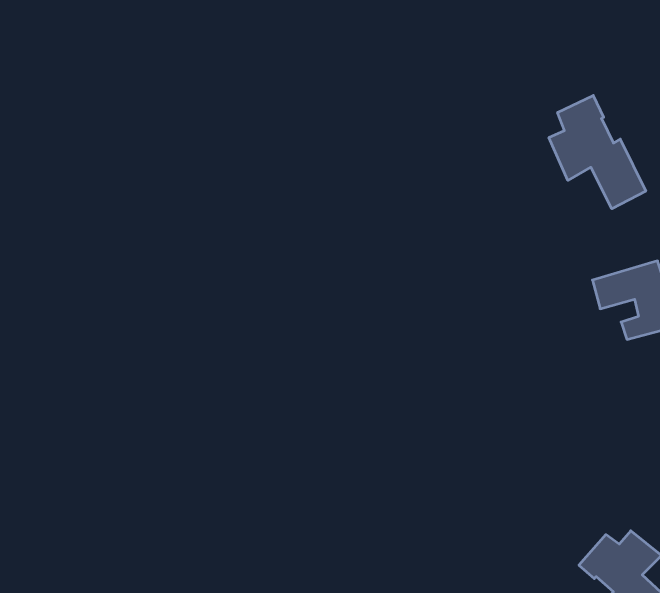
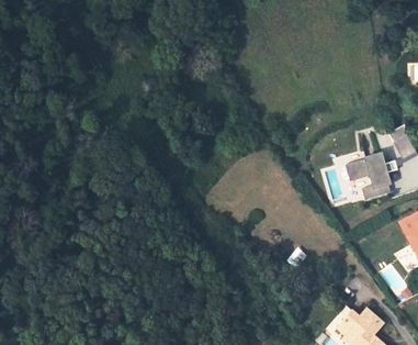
building: [549,95,646,209] -> none

